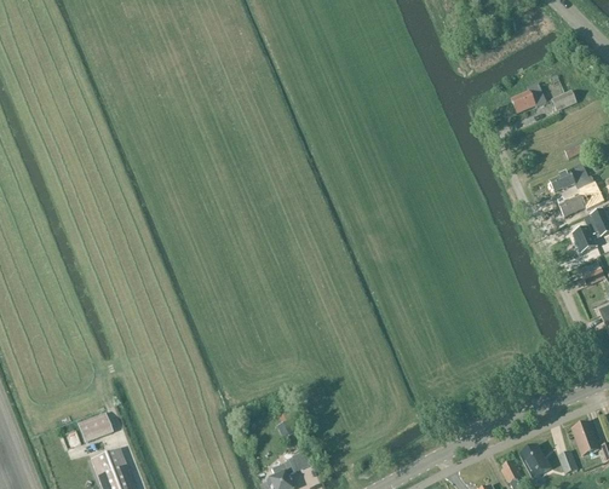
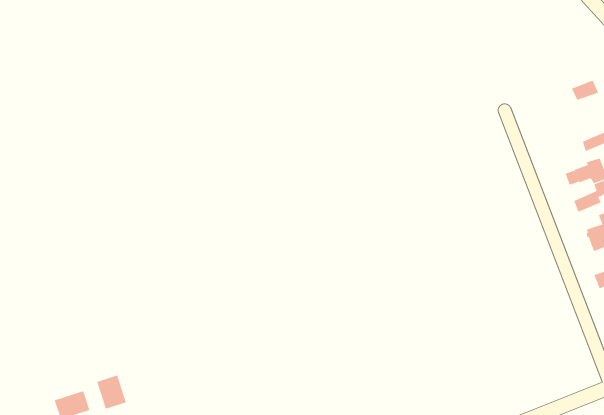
building: [511,81,546,111] -> none
building: none -> [96,375,127,409]

